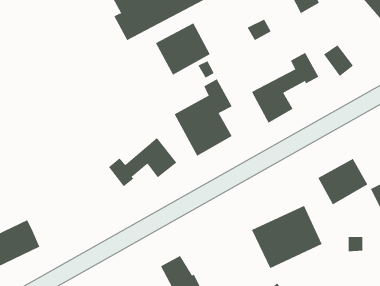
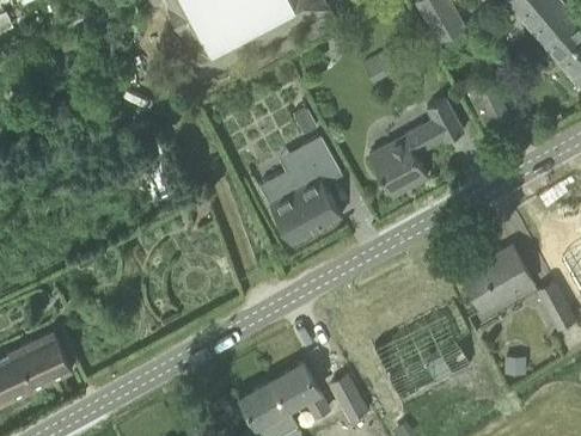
building: [155,22,210,75] -> none
building: [108,137,177,187] -> none
building: none -> [269,363,330,418]
building: none -> [329,373,368,420]

